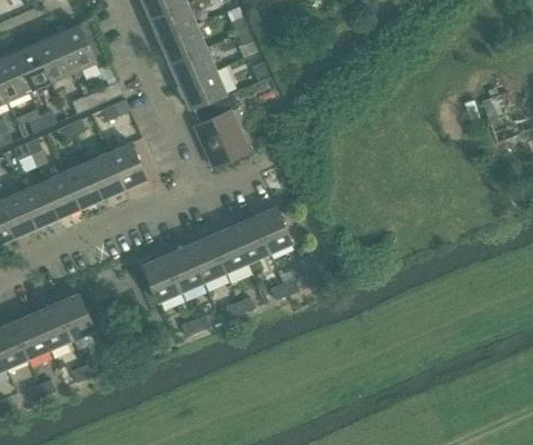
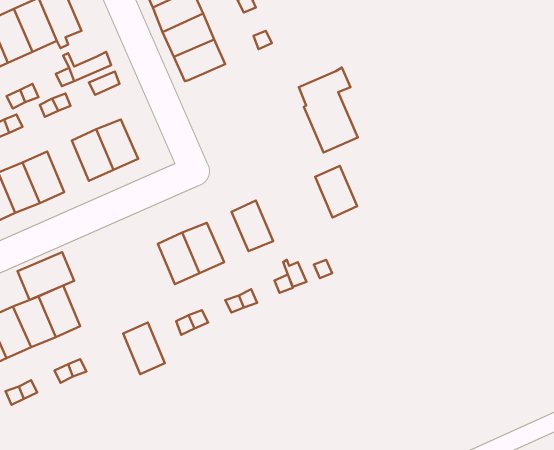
building: [193,90,246,167] -> [299,67,358,152]
building: [65,162,102,209] -> none
building: [254,207,292,254] -> [315,166,357,217]
building: [209,227,247,273] -> none
building: [142,256,180,303] -> [123,322,165,374]
building: none -> [17,252,74,300]

